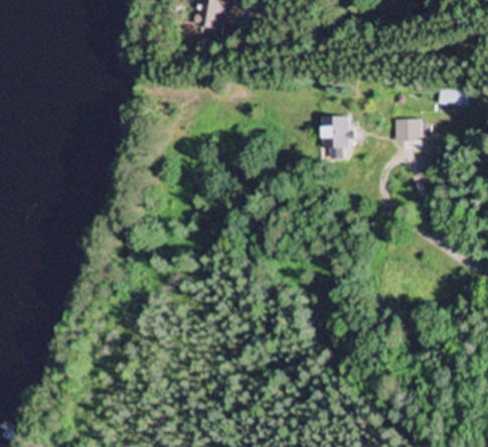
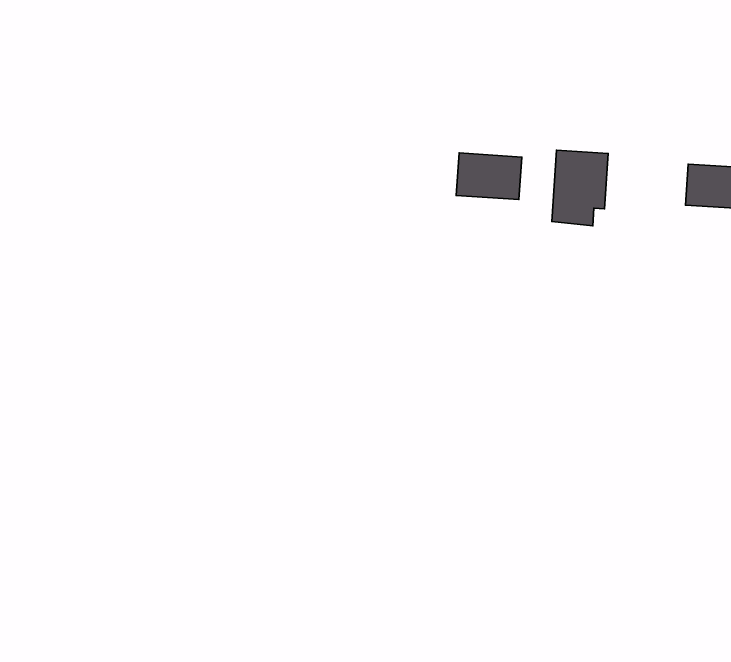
building: none -> [456,153,522,200]

